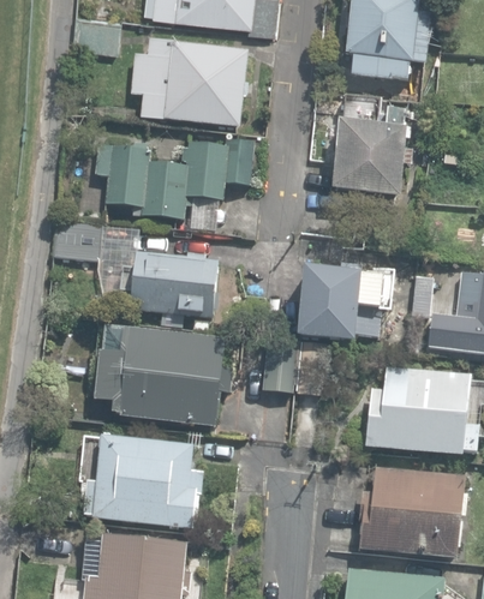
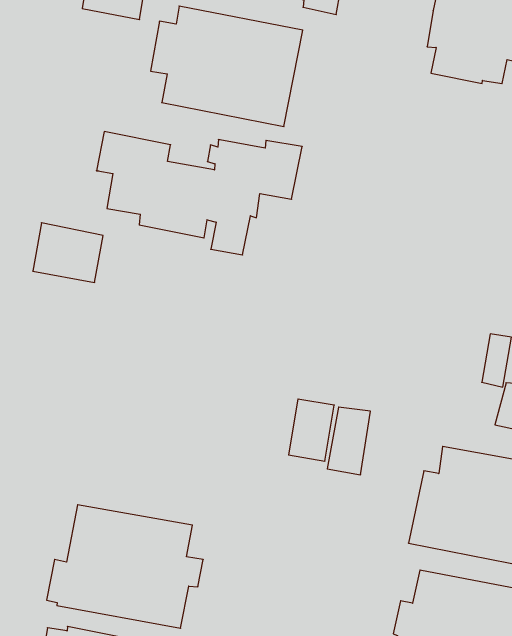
building: [334,94,412,194] -> none
building: [129,248,215,317] -> none
building: [297,264,383,341] -> none
building: [92,327,232,429] -> none

